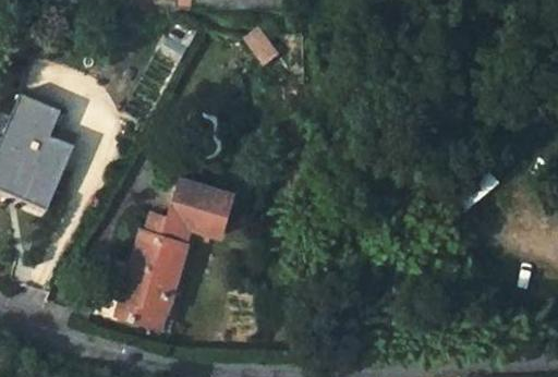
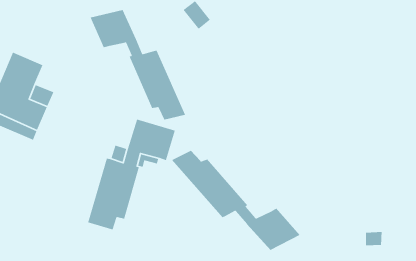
building: none -> [90,9,186,121]
building: none -> [171,150,301,251]

